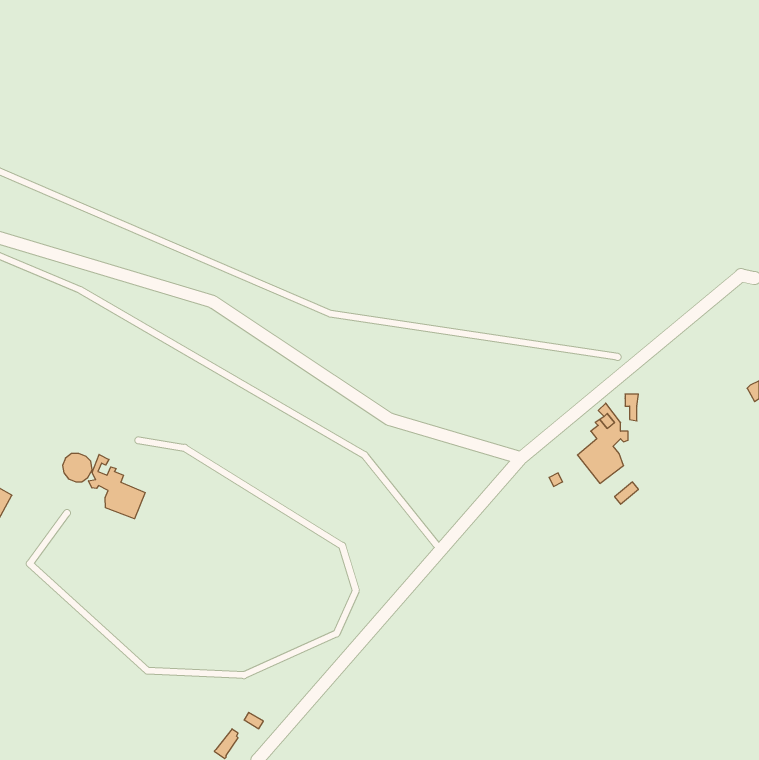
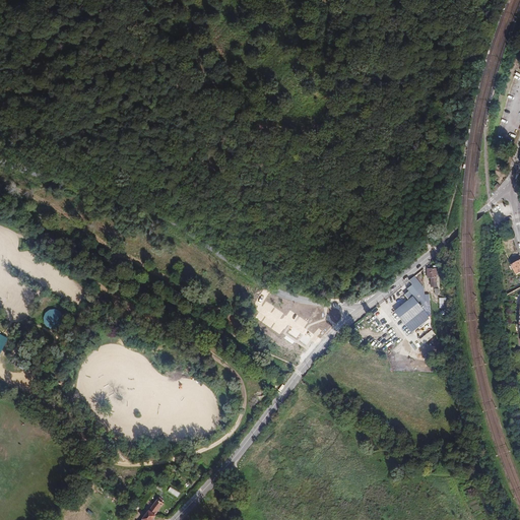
building: [89,454,145,519] -> none

